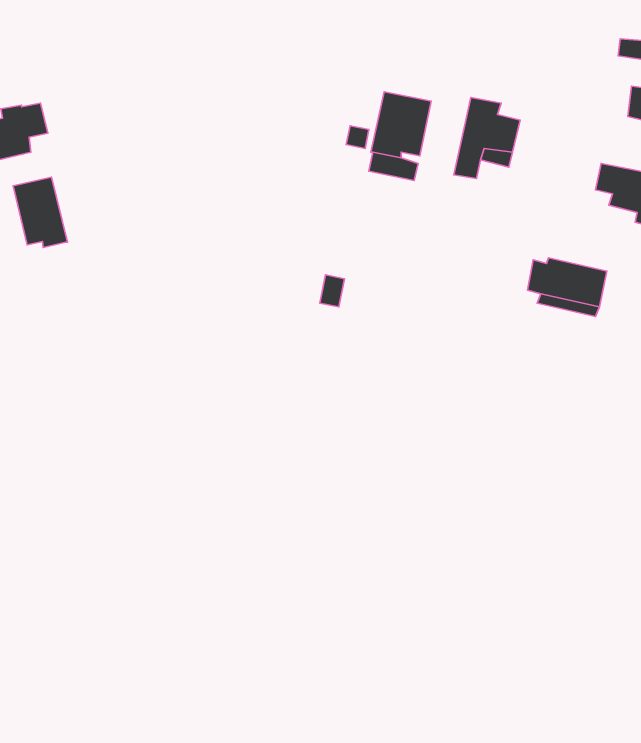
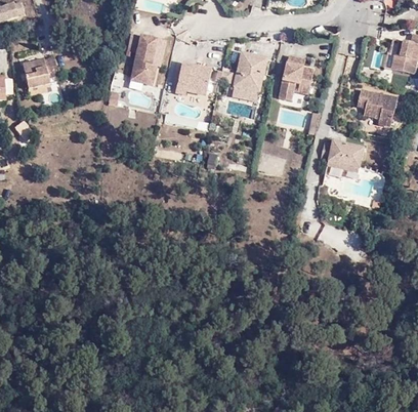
building: none -> [132,36,158,85]
building: none -> [177,64,212,94]
building: [13,177,67,247] -> none

